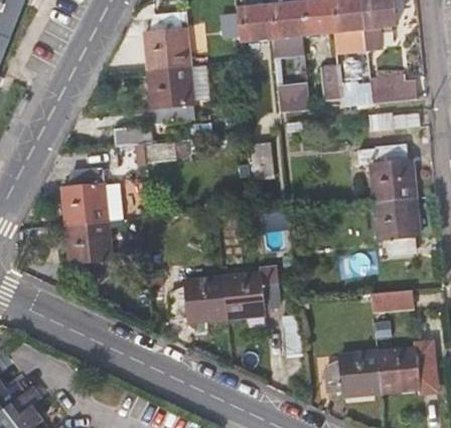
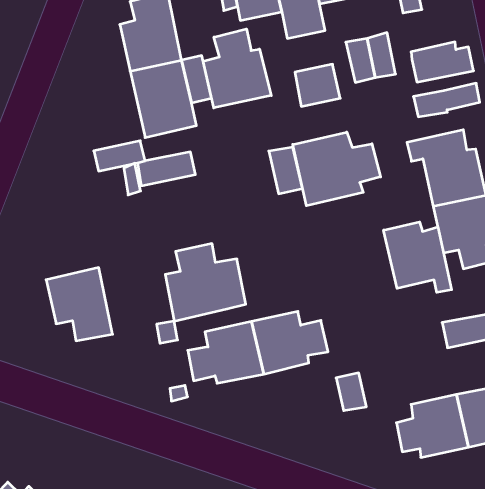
building: none -> [203,29,271,108]
building: none -> [293,132,381,206]
building: [61,169,122,226] -> [165,244,246,321]
building: none -> [384,222,452,292]

